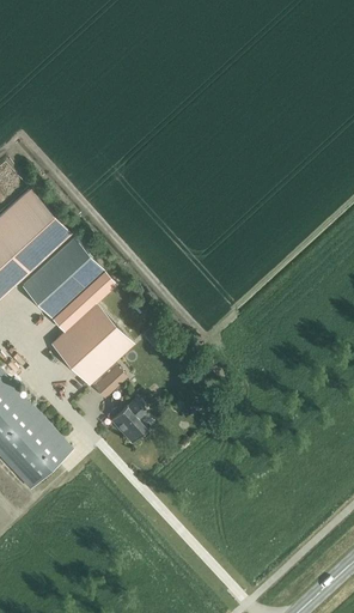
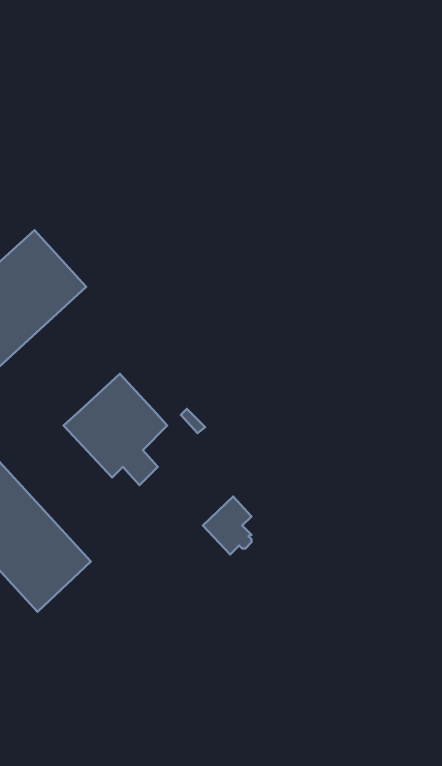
building: [23,238,117,332] -> none
building: [111,399,149,444] -> [203,497,251,555]

